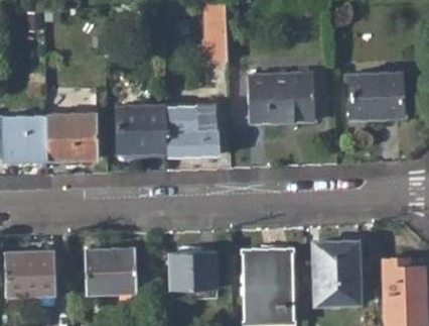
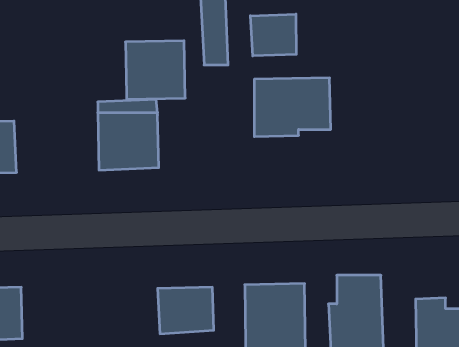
building: none -> [250,14,296,56]
building: [350,76,402,122] -> none
building: [167,106,218,155] -> [125,41,185,99]
building: [46,109,98,155] -> none
building: [84,248,134,293] -> none

